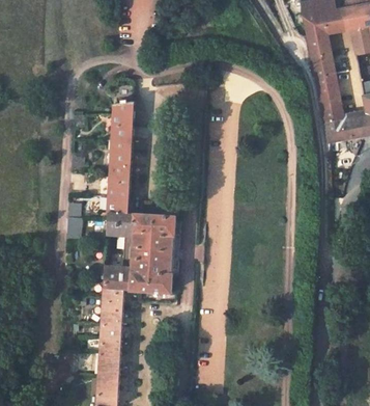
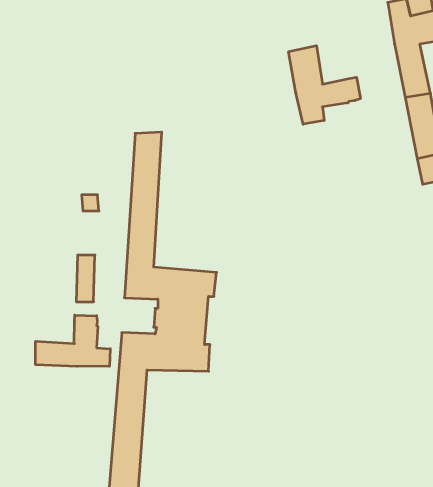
building: none -> [289,46,360,124]
building: none -> [36,315,110,366]

